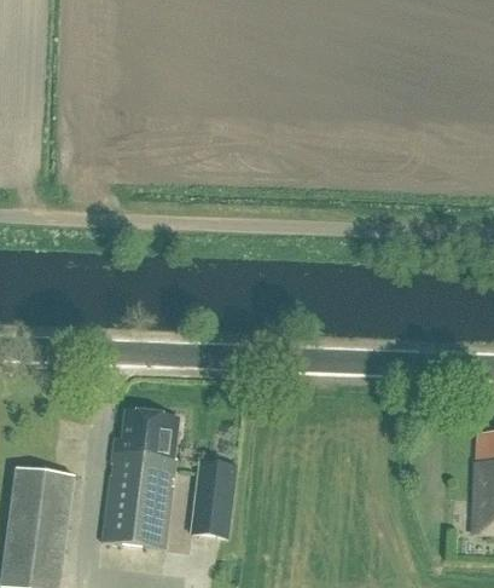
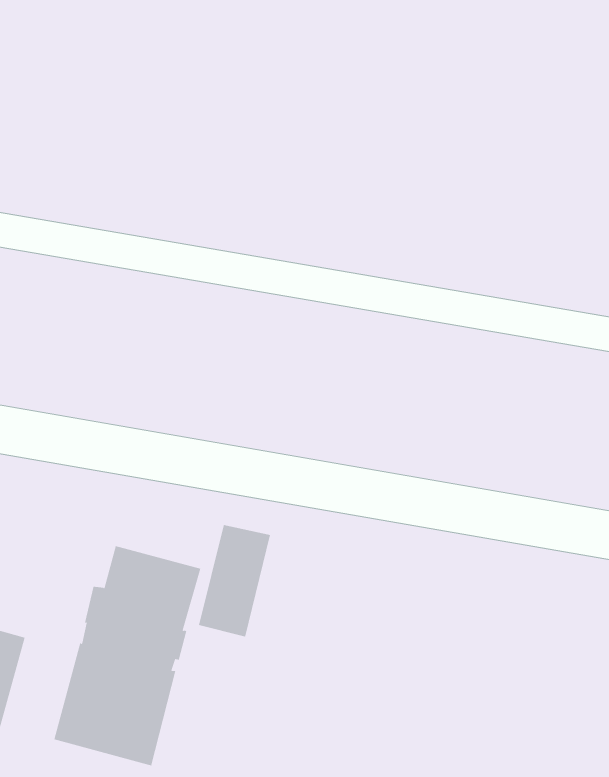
building: [193,463,232,534] -> [198,525,271,637]

